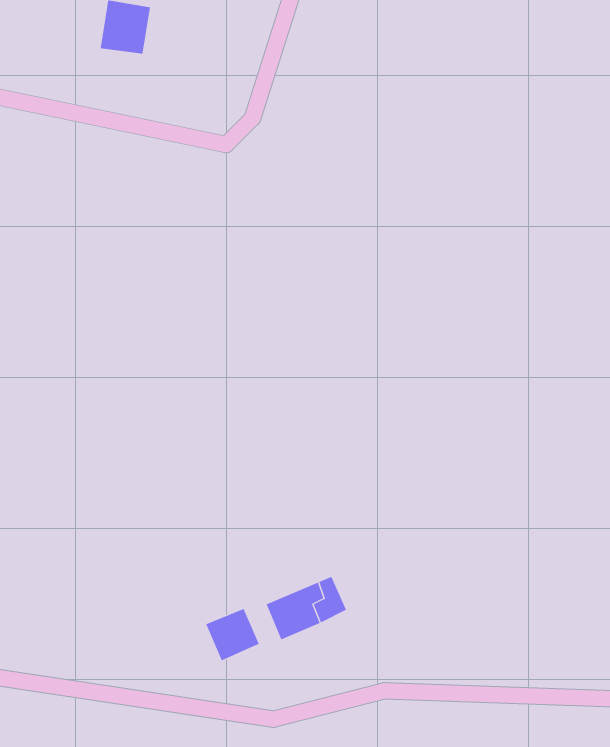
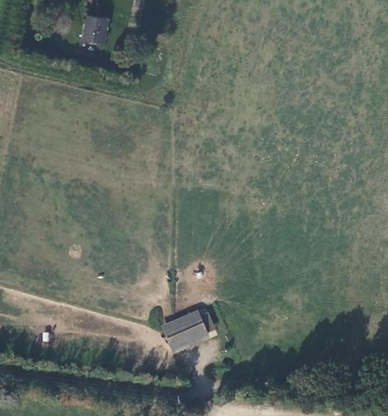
building: [206,608,259,661] -> none

